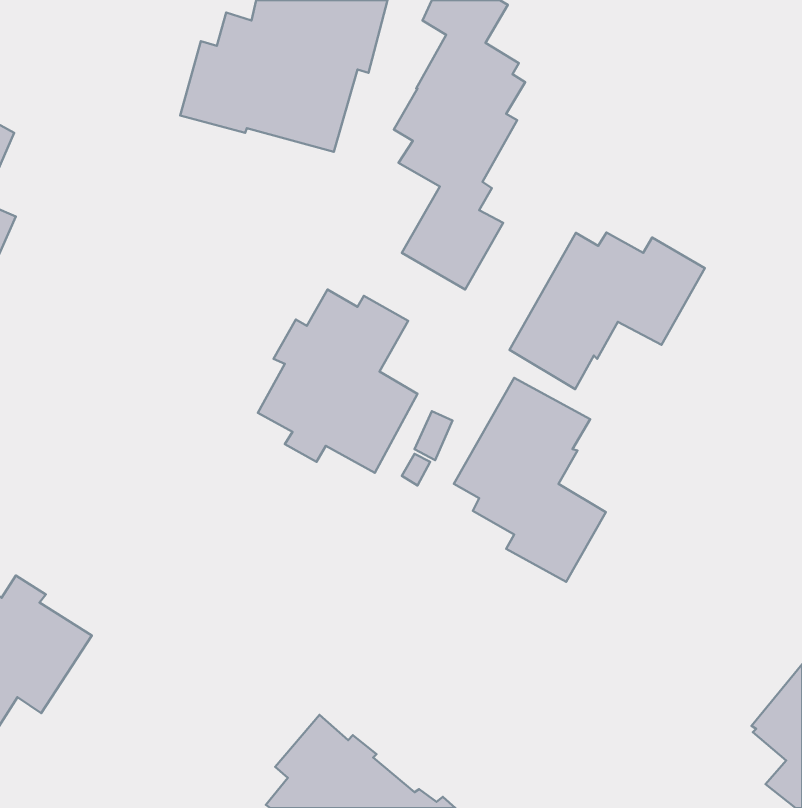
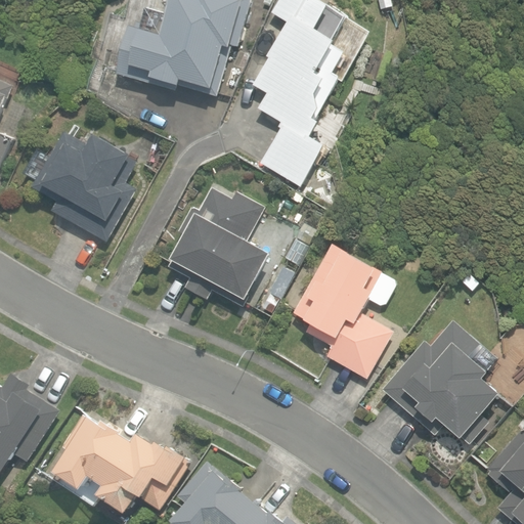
building: none -> [33,131,137,242]
building: [510,232,705,389] -> none
building: none -> [381,319,500,444]
building: none -> [52,414,190,514]

